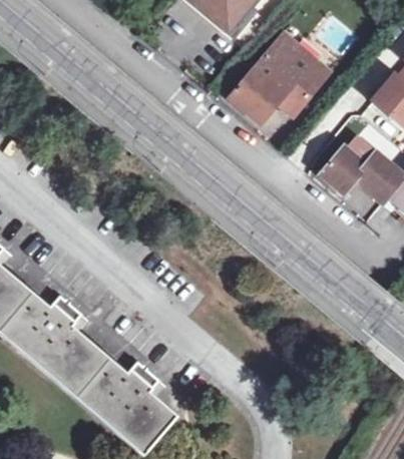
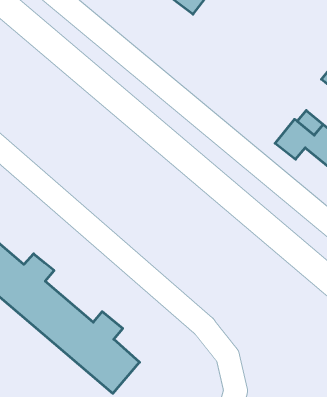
building: [227,33,331,127] -> none

